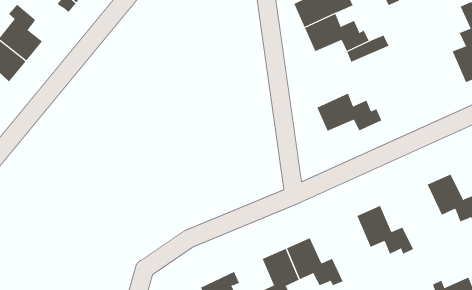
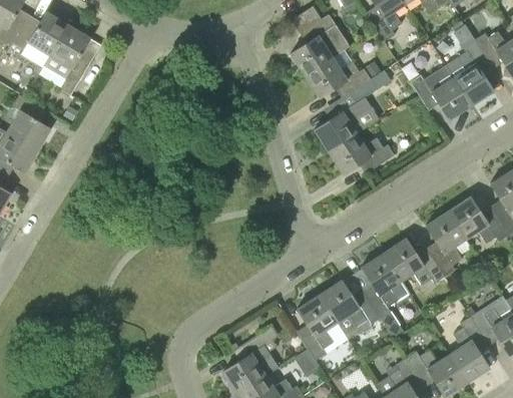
building: none -> [410,73,471,120]
building: none -> [314,104,361,152]
building: none -> [426,212,472,277]
building: none -> [362,253,402,319]

